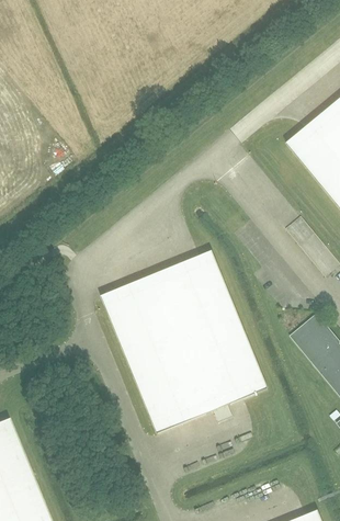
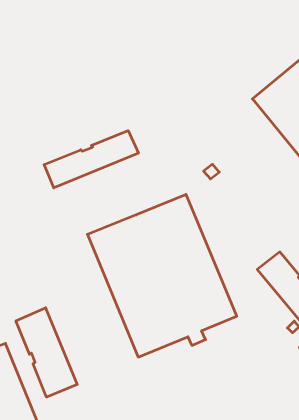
building: none -> [44,131,138,188]
building: none -> [16,308,77,397]

